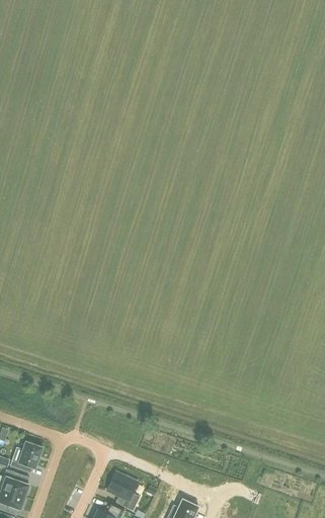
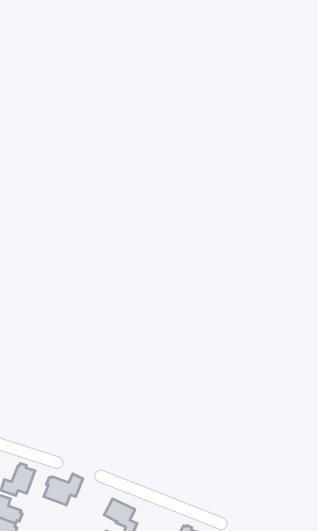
building: none -> [44,474,83,505]

